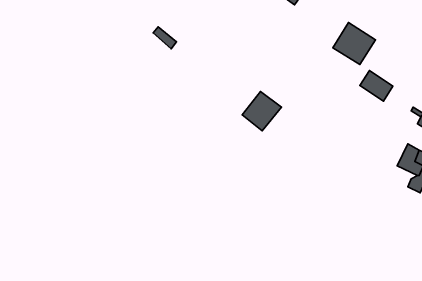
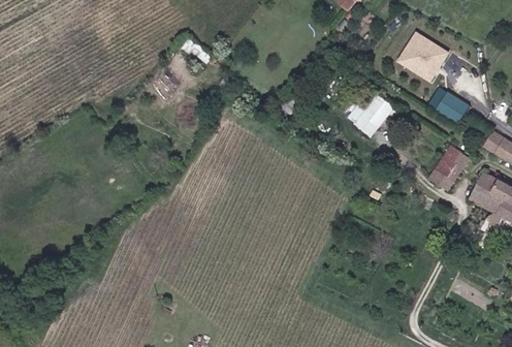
building: [242,91,281,131] -> [347,90,393,136]
building: none -> [435,148,468,180]

